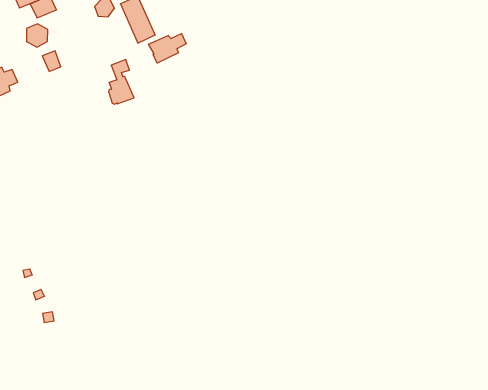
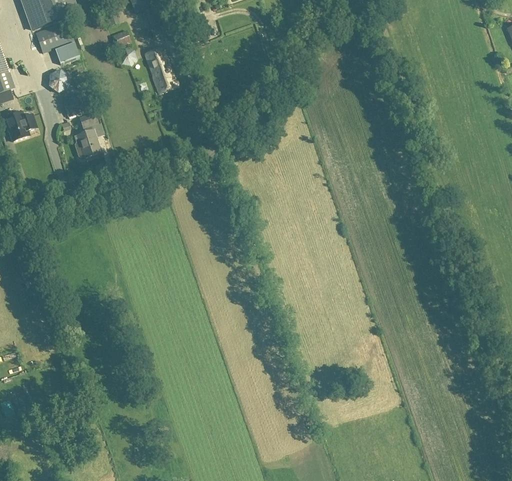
building: [149,34,186,63] -> none
building: [109,59,134,104] -> [74,112,99,156]

